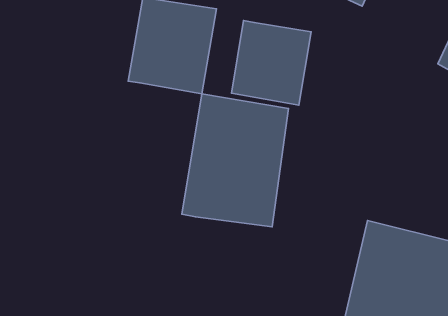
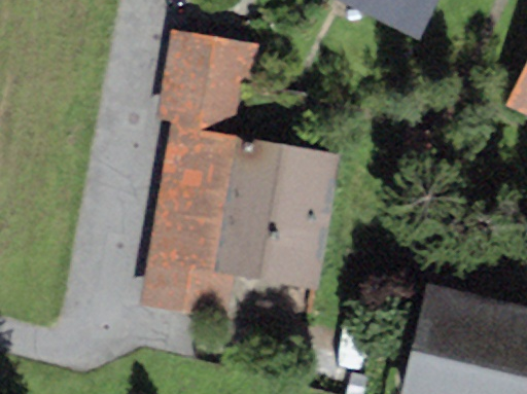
building: [231,21,311,105] -> none
building: none -> [142,124,241,319]

